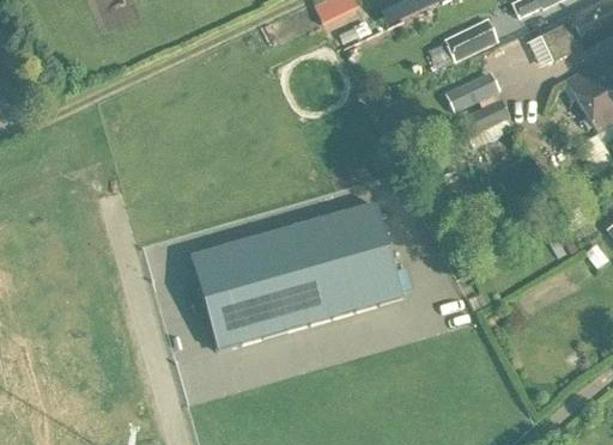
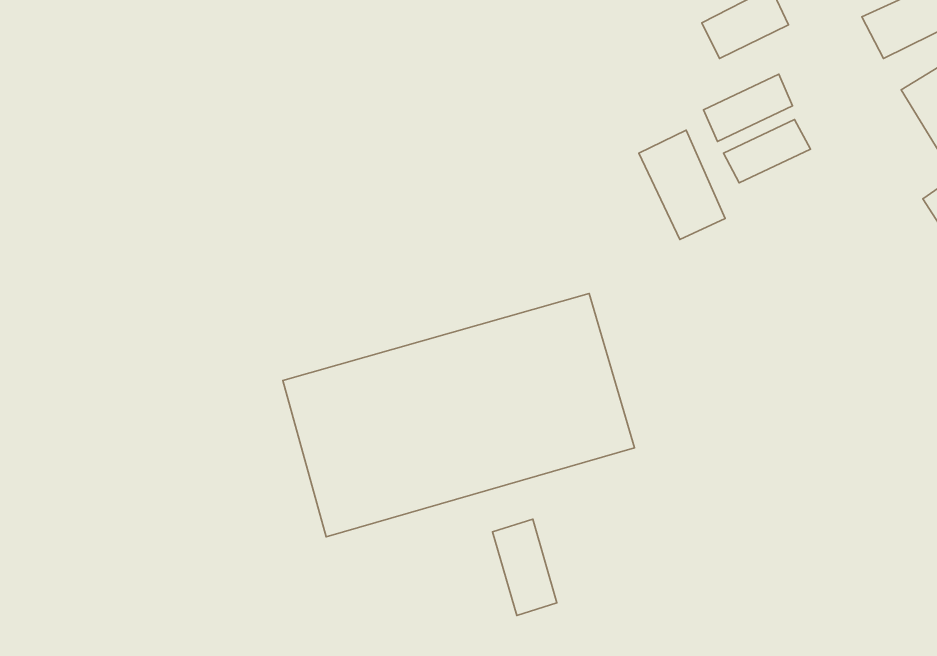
building: none -> [639,130,725,239]
building: none -> [493,519,557,616]

